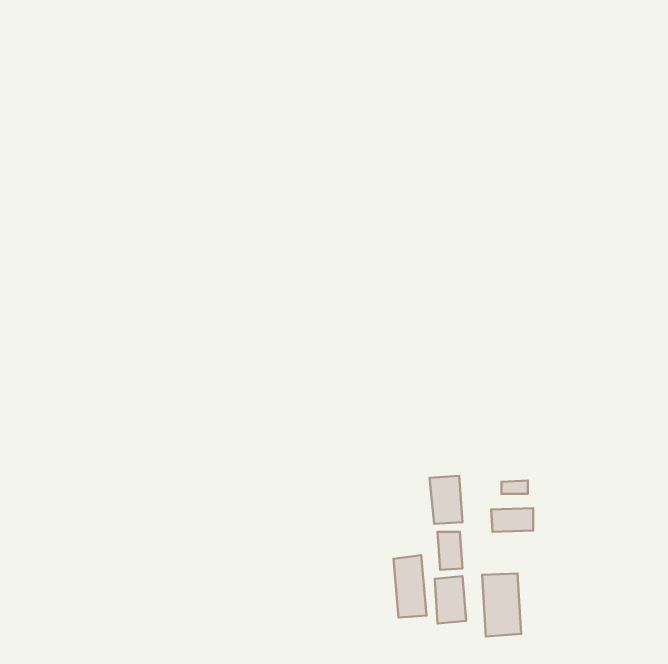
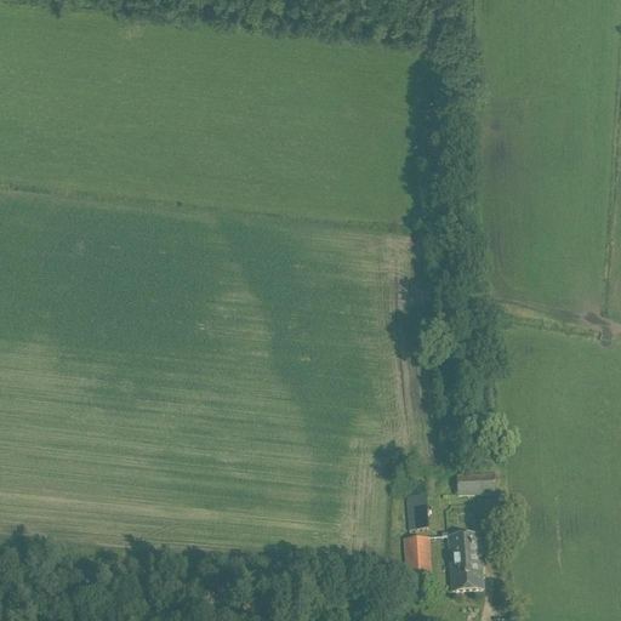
building: [430,476,462,524] -> none
building: [393,555,427,618] -> none

